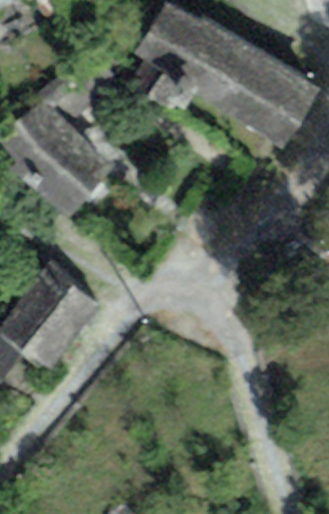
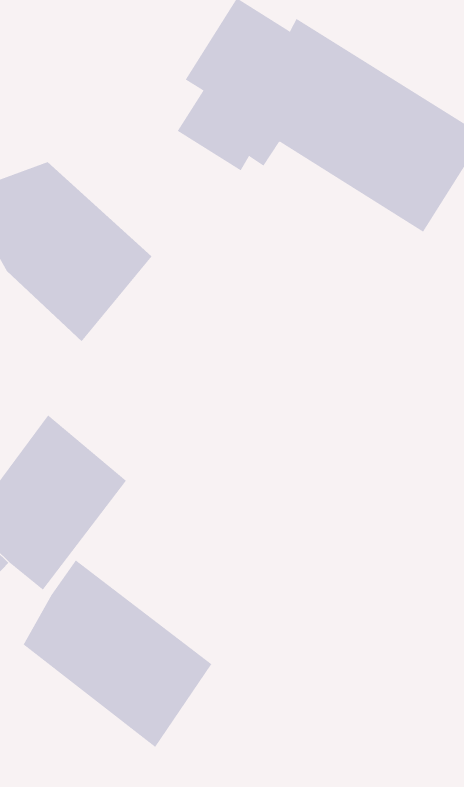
building: none -> [23,559,212,748]

